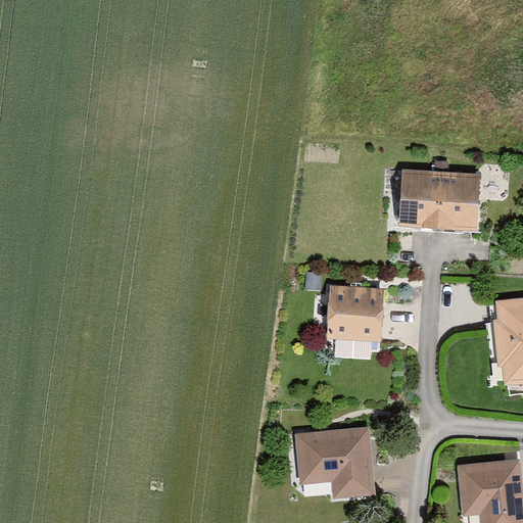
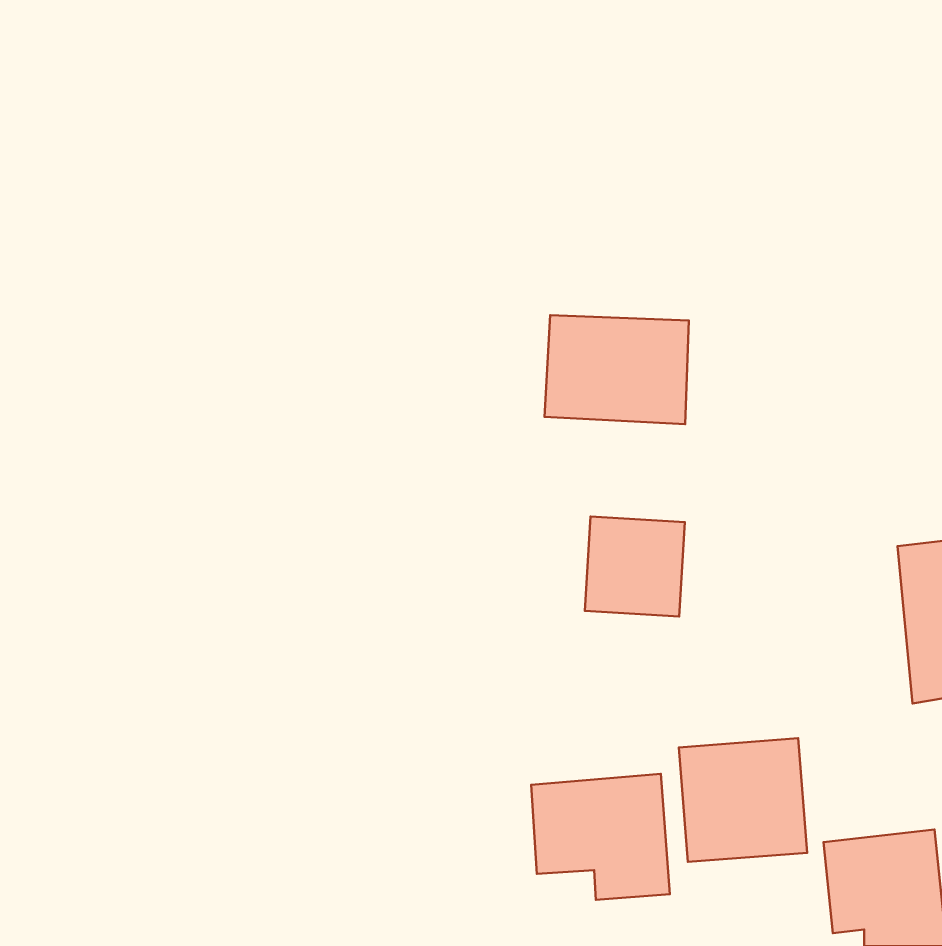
building: [401,171,481,231] -> [545,315,689,424]
building: none -> [679,738,807,862]

